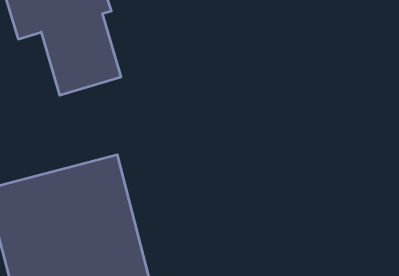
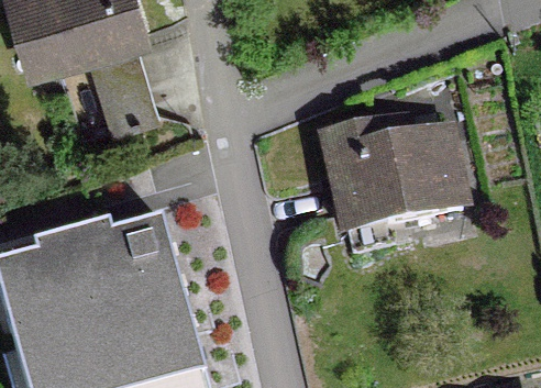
building: none -> [328,123,463,233]

